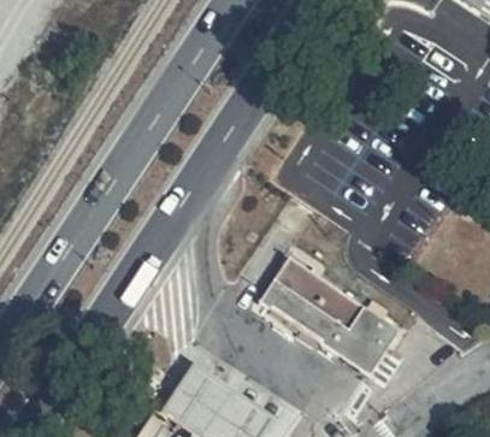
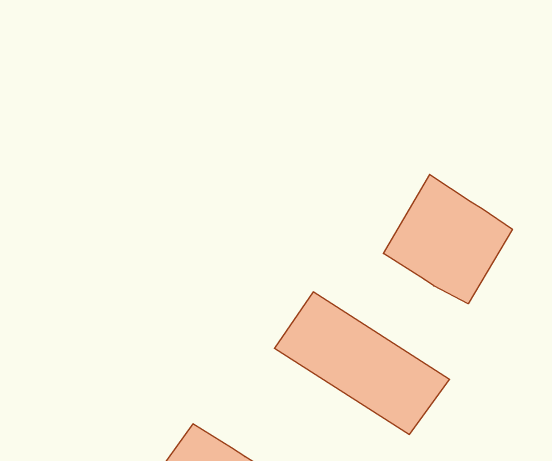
building: none -> [383,174,512,304]

